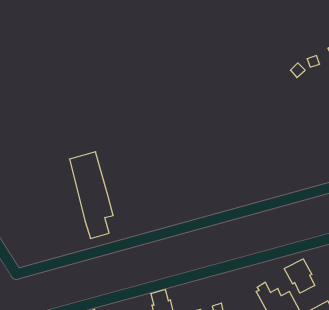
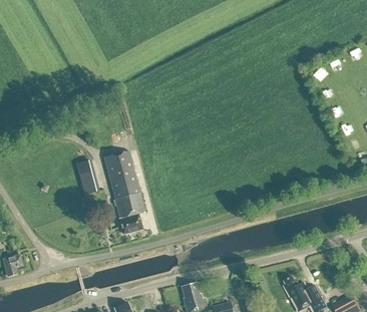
building: none -> [75,159,99,194]
building: [284,259,315,293] -> none

